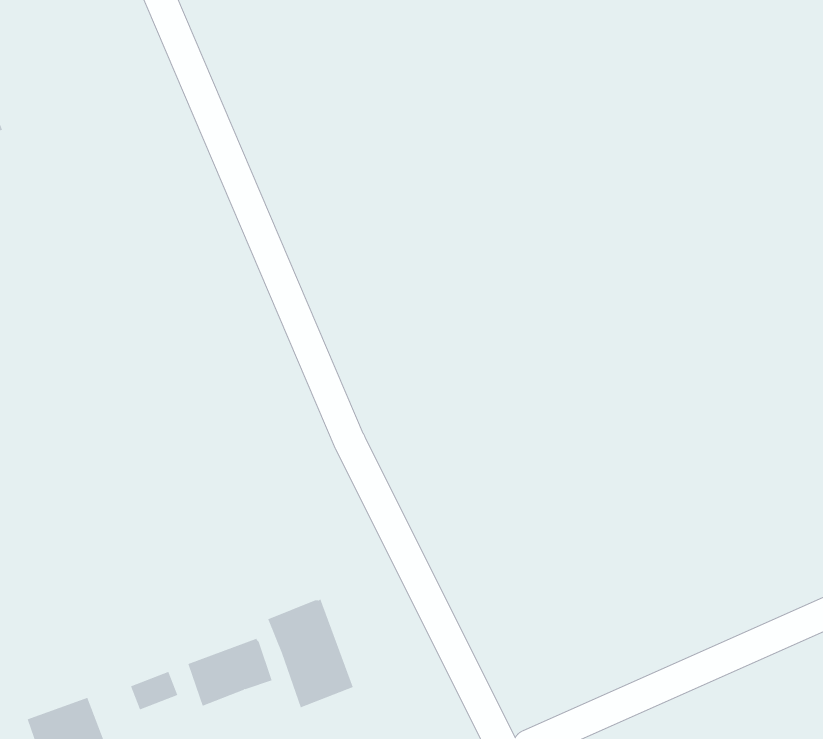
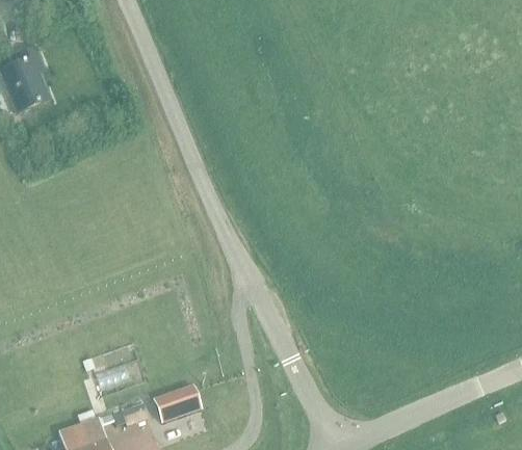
building: [268,598,353,708] -> none

